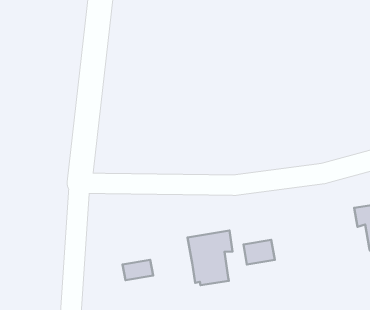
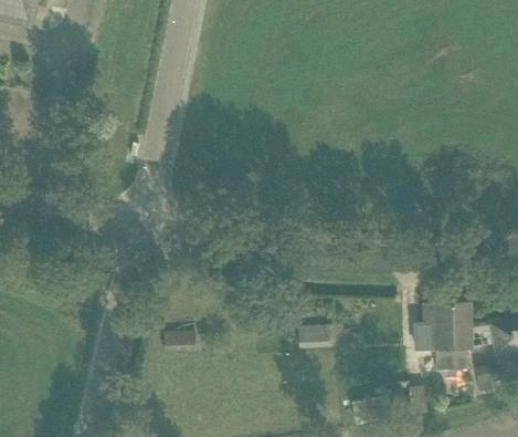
building: [187,230,233,285] -> none

